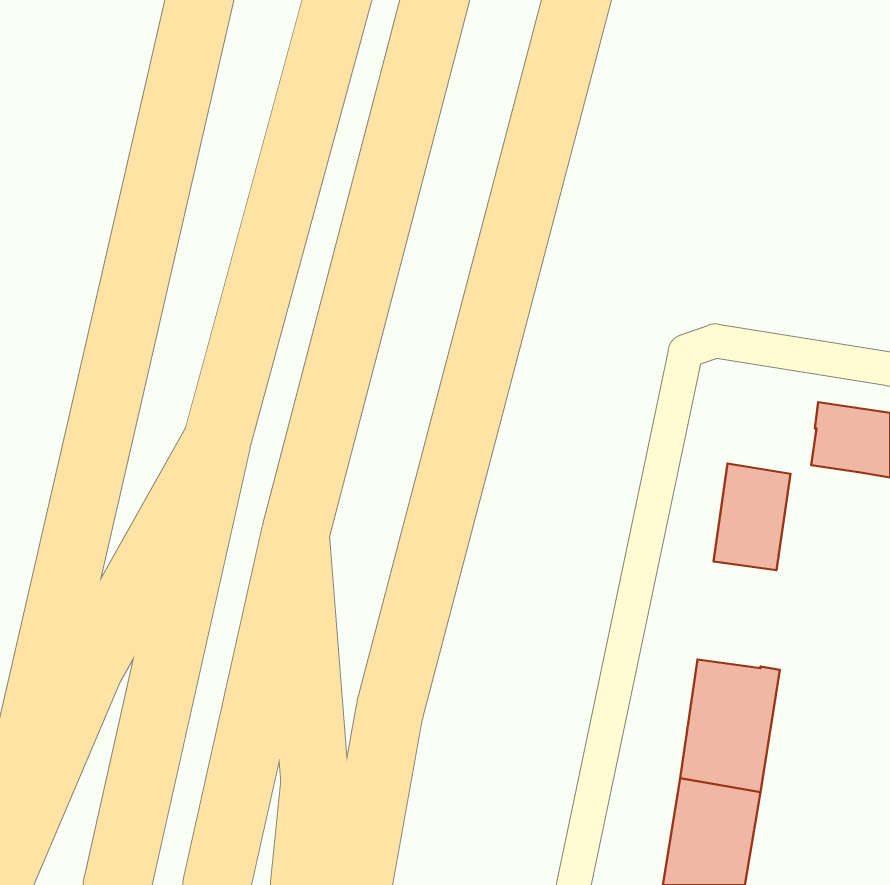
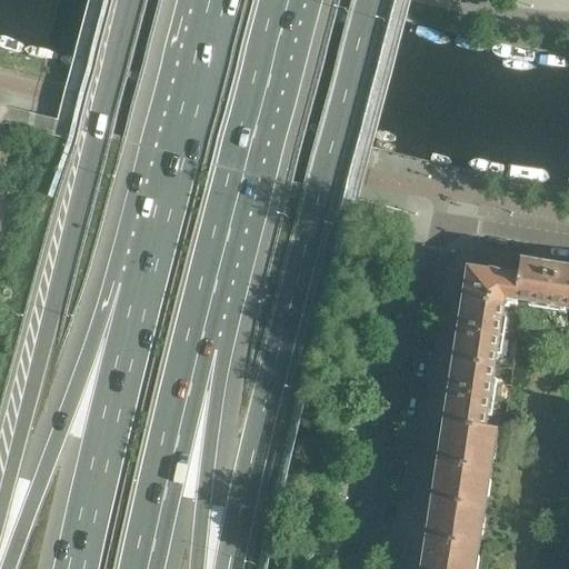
building: none -> [462,264,519,301]
building: none -> [443,357,493,425]

